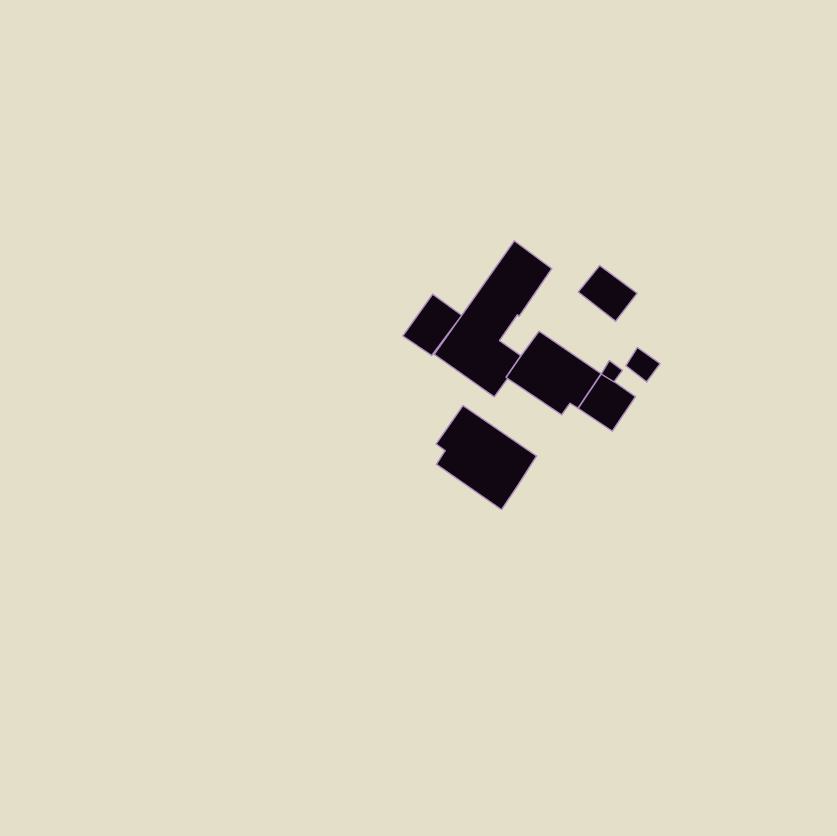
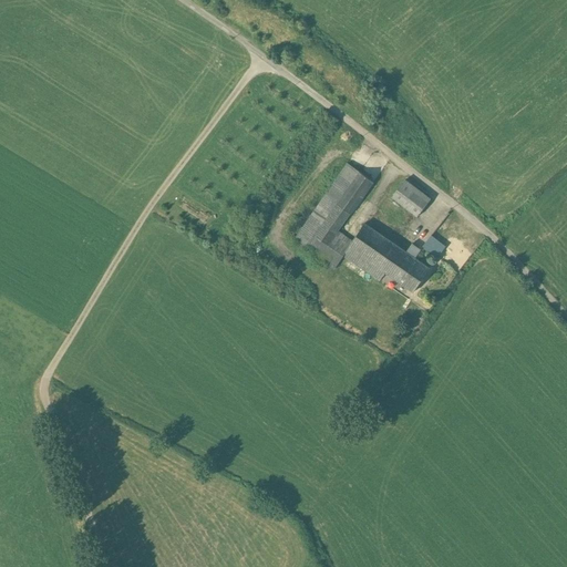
building: [403,294,462,356] -> none
building: [436,406,537,509] -> none

